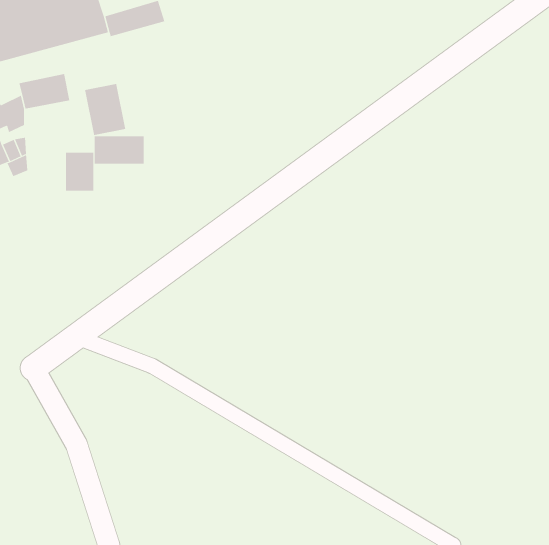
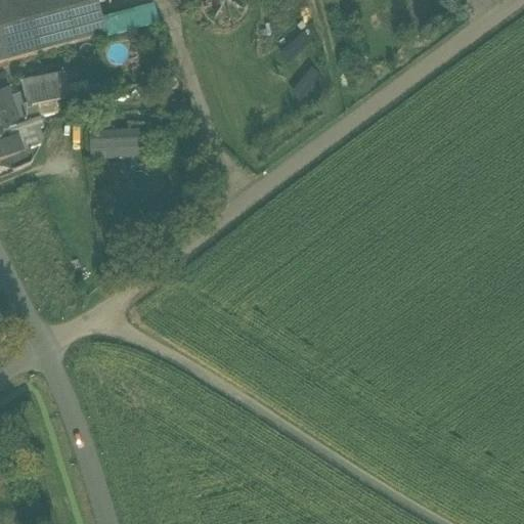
building: [85,83,126,136] -> none
building: [66,152,94,191] -> none

